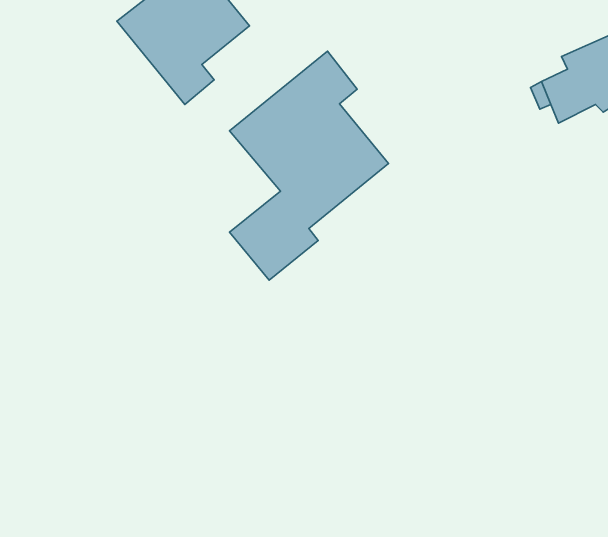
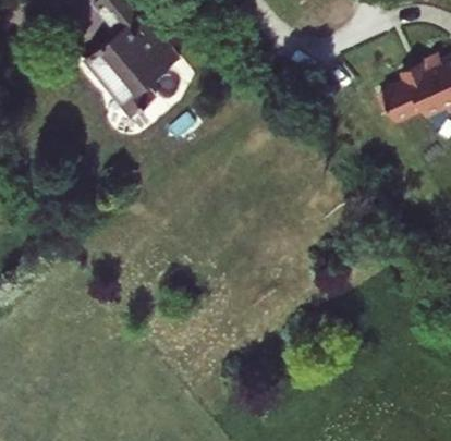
building: [230,51,389,280] -> none

